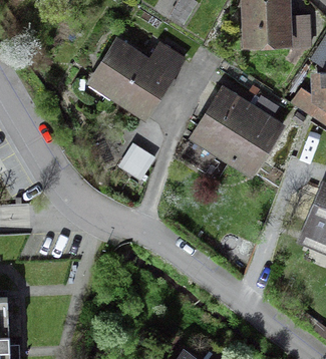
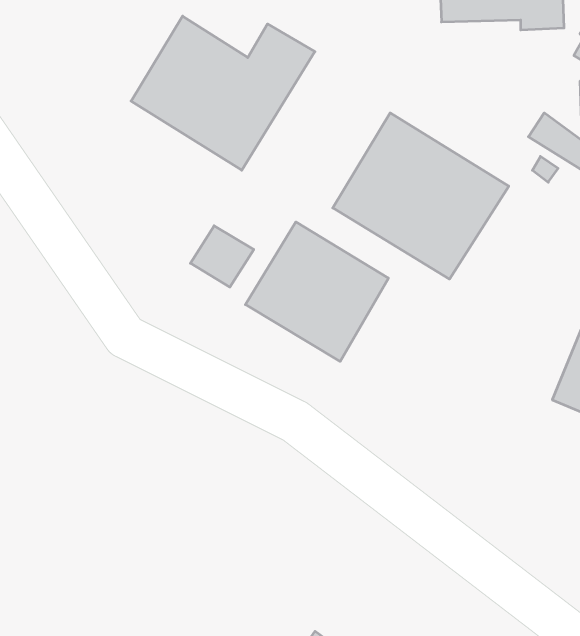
building: none -> [245,222,388,361]

